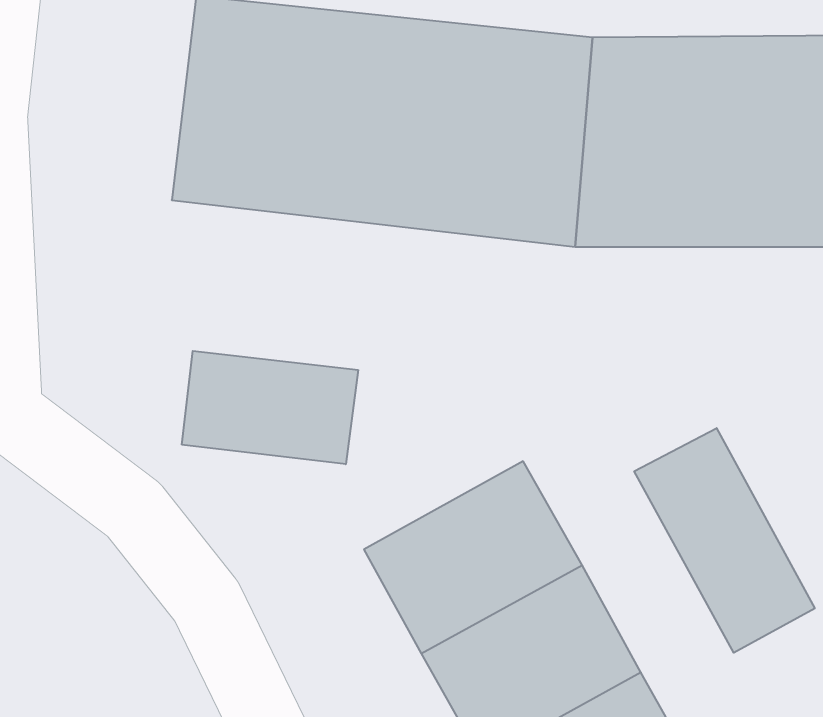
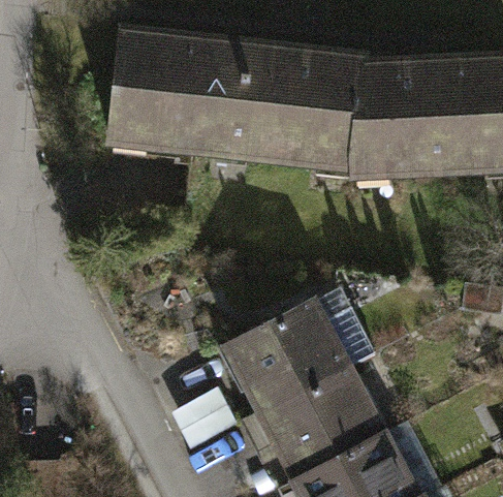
building: [182,351,358,464] -> none
building: [634,428,815,653] -> none

